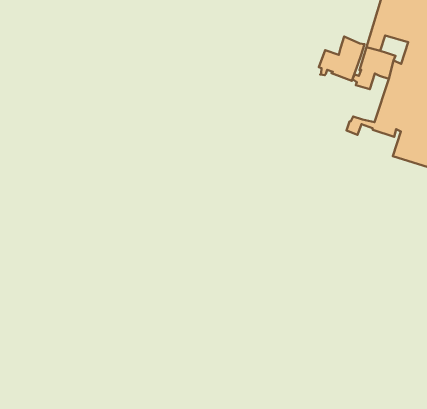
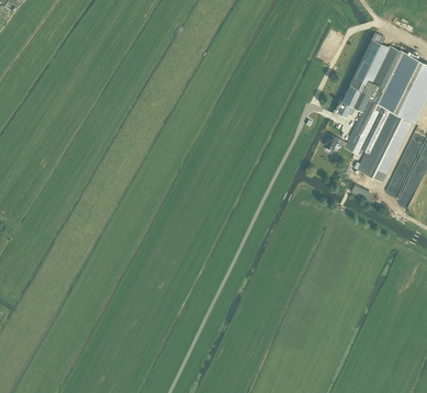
building: [319,37,365,81] -> none

